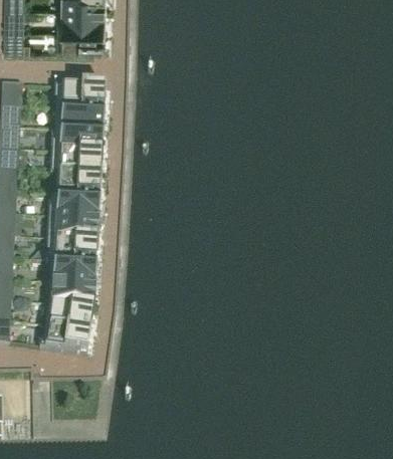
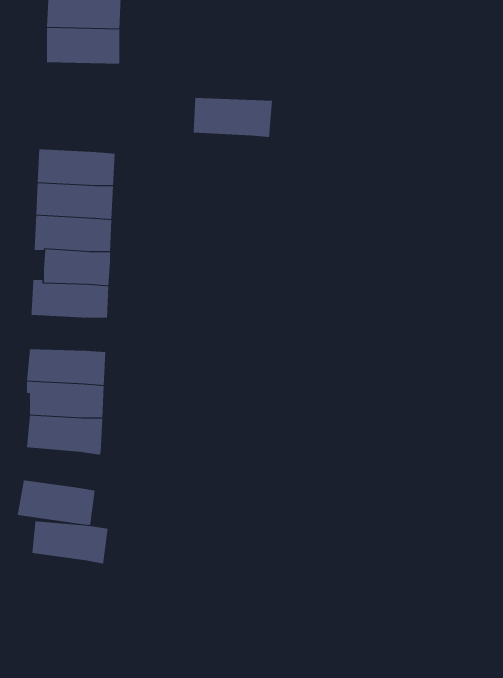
building: [54,84,107,110] -> [193,97,273,137]
building: [48,216,100,240] -> none
building: [44,302,94,330] -> [31,521,108,564]

